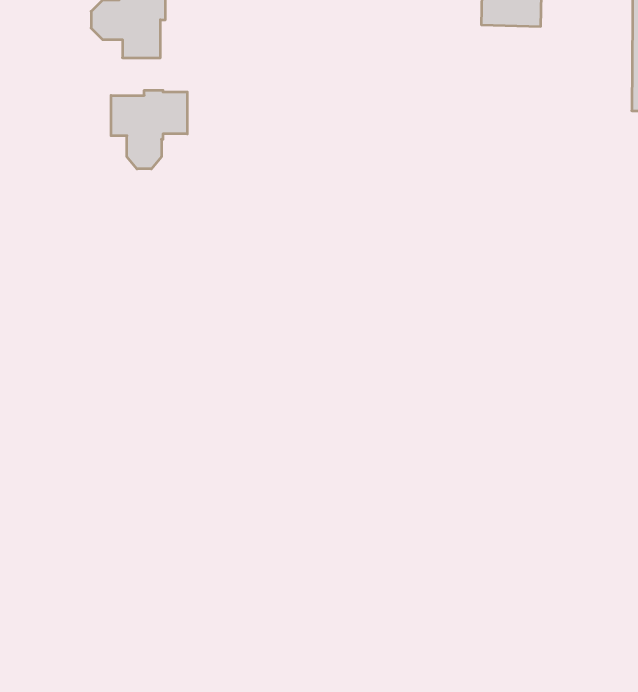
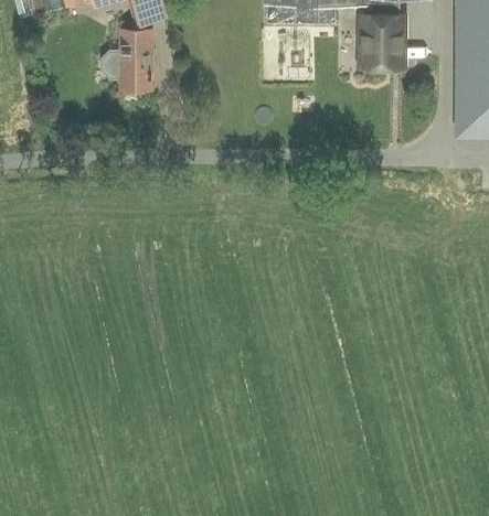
building: [111,90,187,169] -> none

